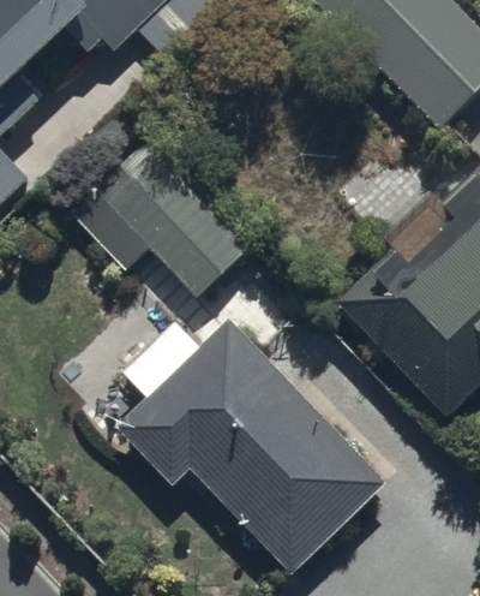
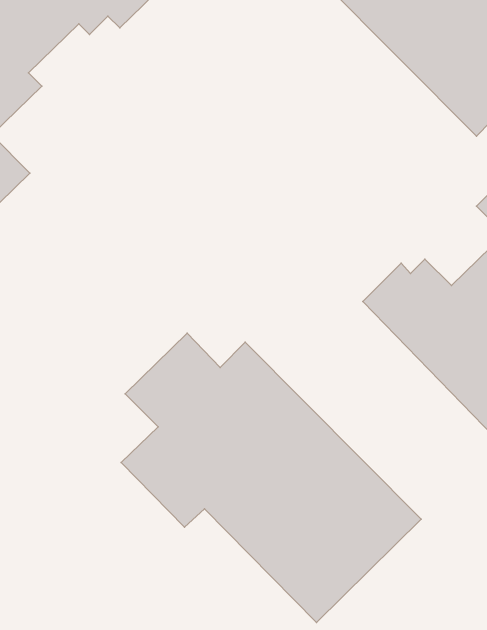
building: [92,137,250,297] -> none

